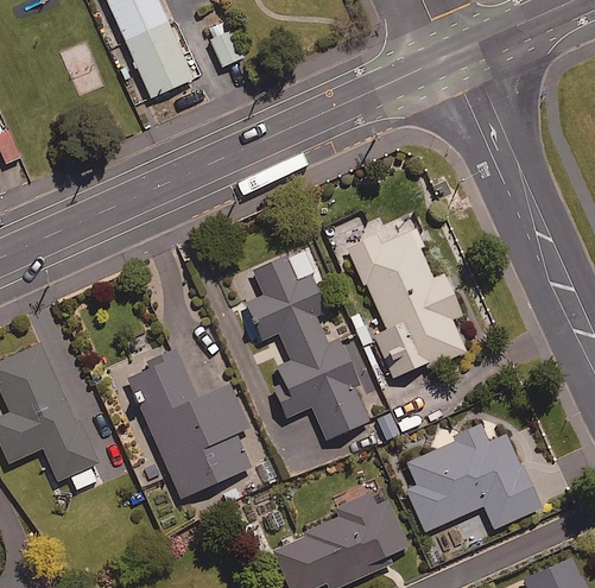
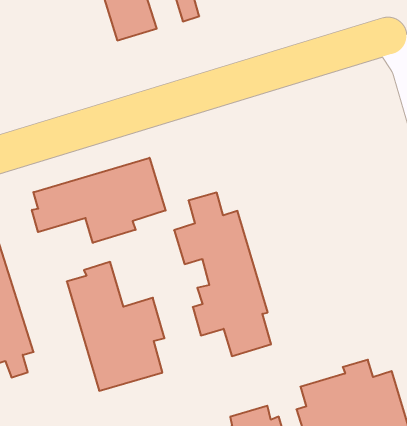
building: [347,215,468,377] -> none
building: none -> [32,158,166,243]

